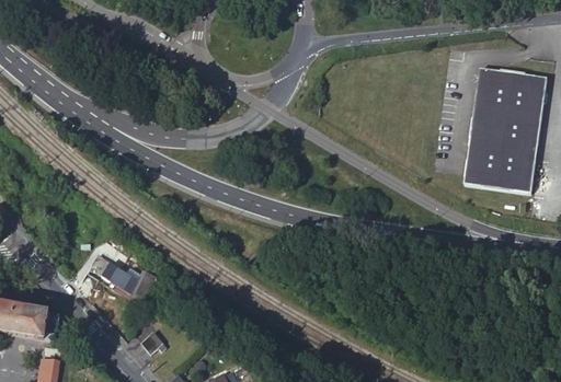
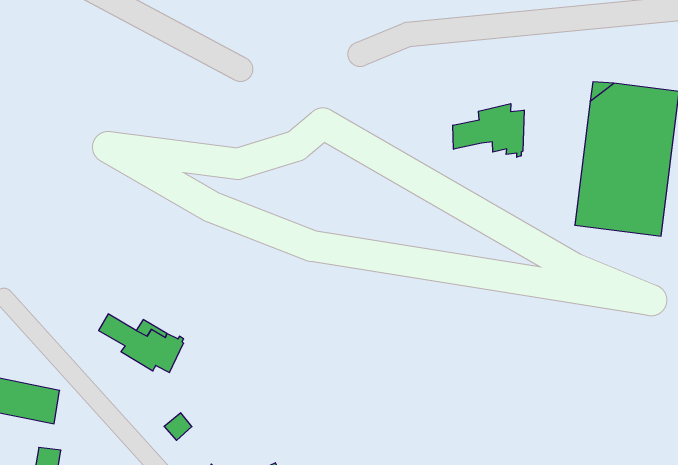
building: none -> [453,104,524,157]

